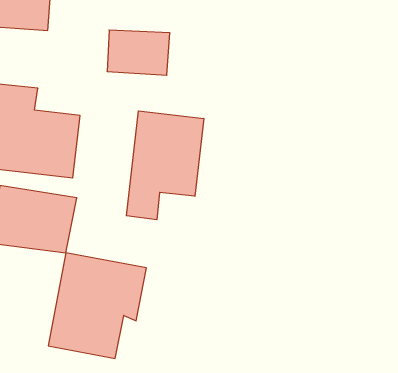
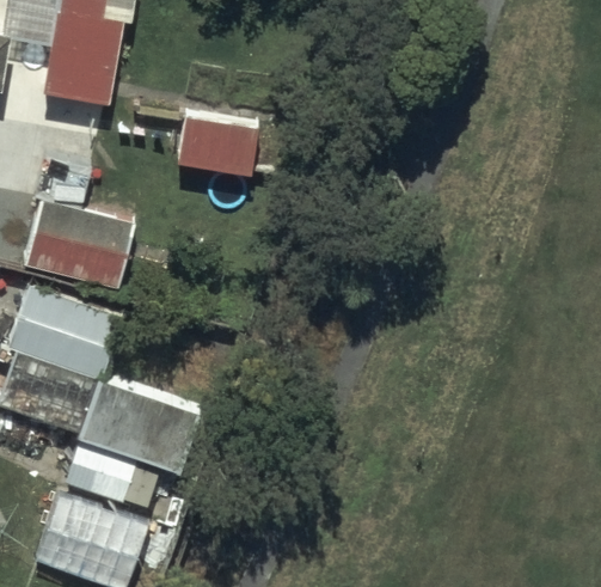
building: [126,111,204,220] -> none

